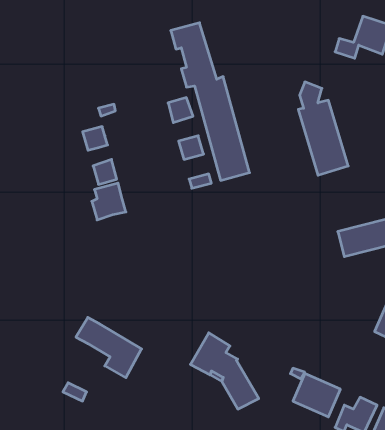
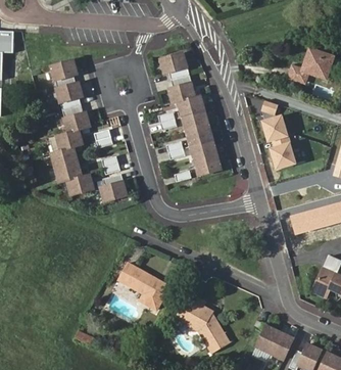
building: none -> [49,62,93,199]
building: [76,317,142,378] -> [120,264,172,311]

